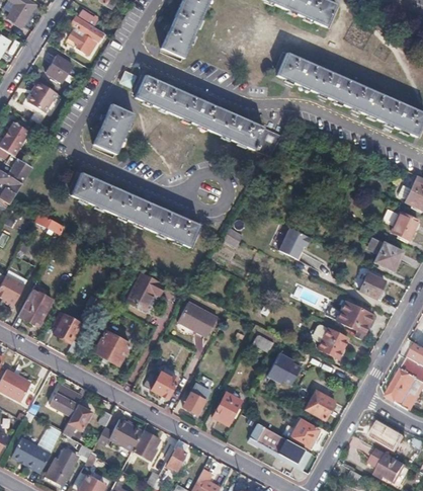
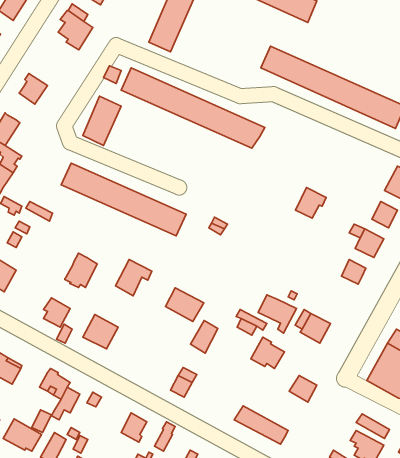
building: [47,56,74,83] -> none
building: [279,228,311,259] -> [296,188,326,218]
building: [19,288,53,323] -> [65,253,97,287]
building: [334,300,373,339] -> [258,295,296,333]
building: [145,371,178,398] -> none
building: [213,391,241,424] -> [190,321,218,353]
building: [98,418,144,451] -> none
building: [290,418,319,447] -> none

